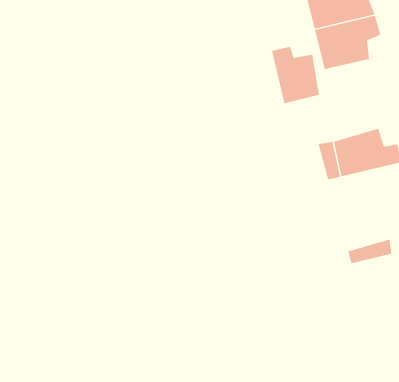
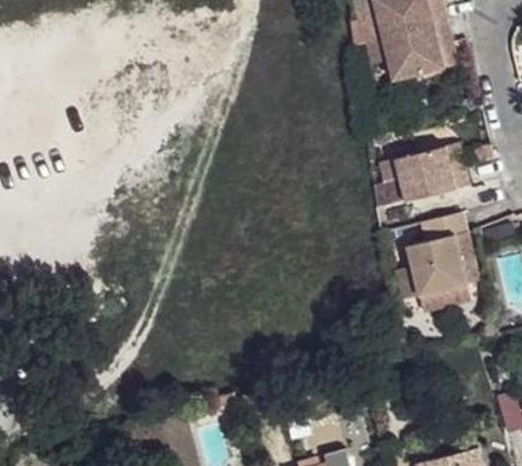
building: [271,46,320,104] -> none
building: none -> [407,210,467,273]

